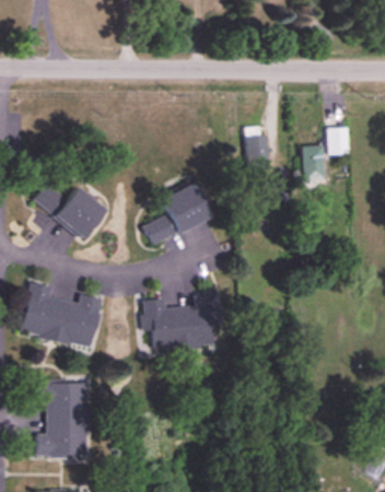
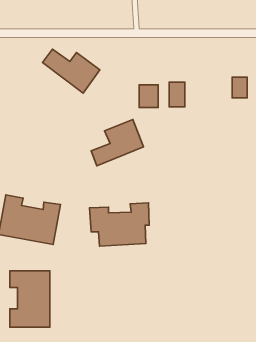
building: none -> [139,85,158,107]
building: [303,145,325,181] -> none
building: [33,181,108,239] -> [42,49,100,93]

